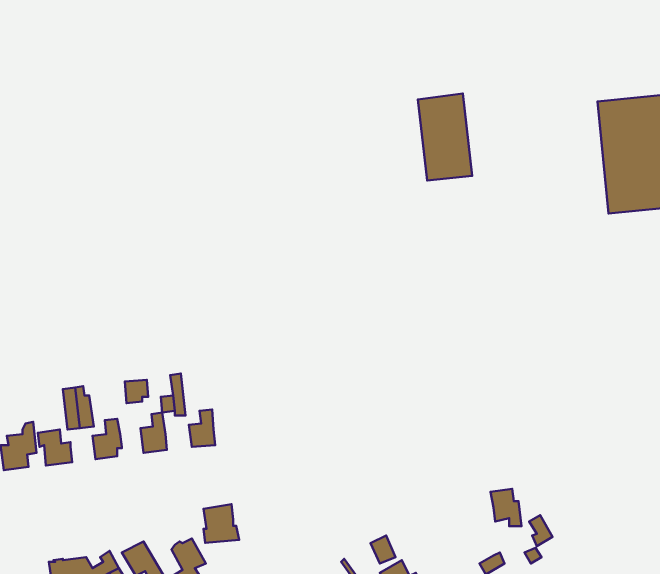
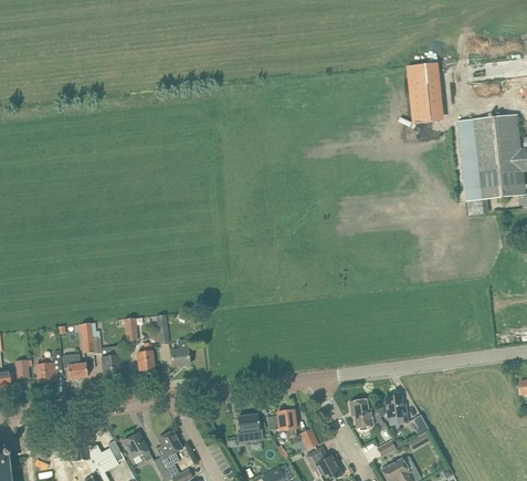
building: [418,93,472,180] -> [404,61,443,123]
building: none -> [349,399,372,430]
building: [203,504,239,543] -> [238,415,263,442]
building: none -> [267,410,296,438]

